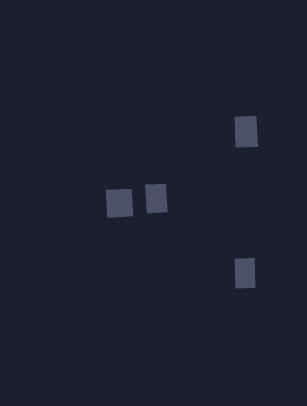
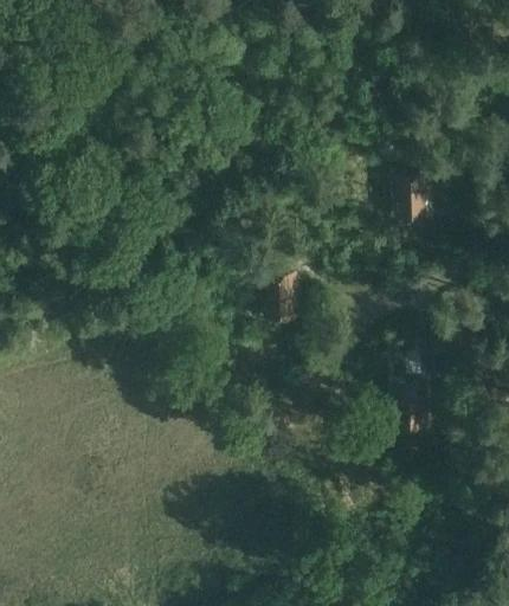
building: [105,188,134,219] -> none

